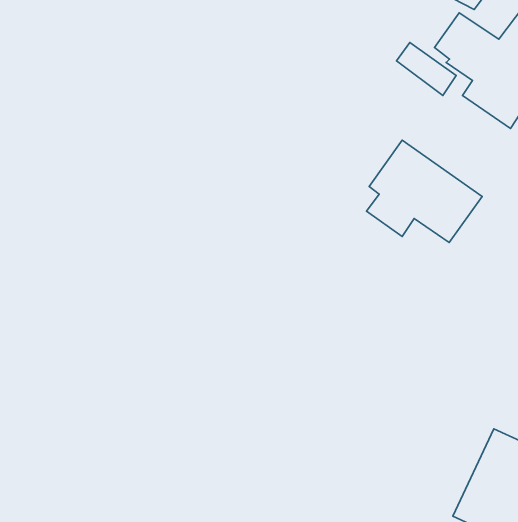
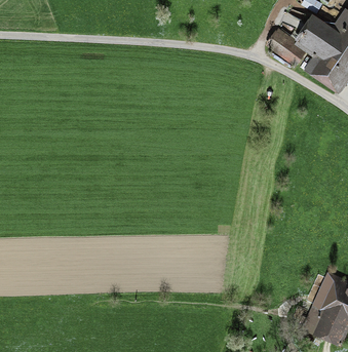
building: [366,140,482,243] -> none

